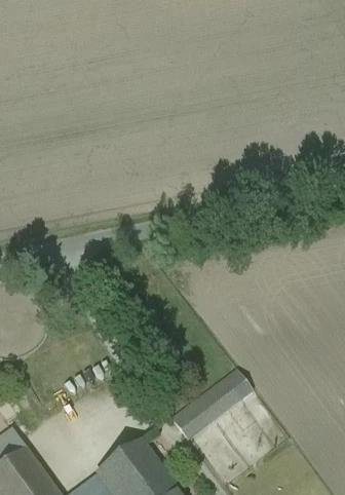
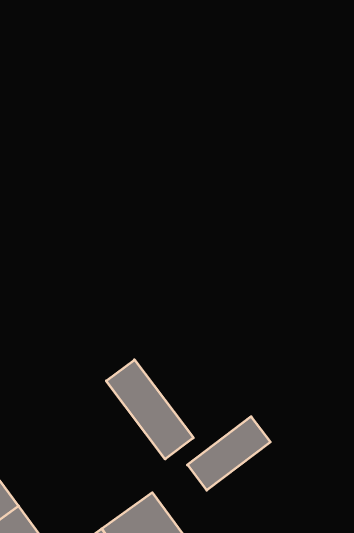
building: none -> [106,360,193,459]

